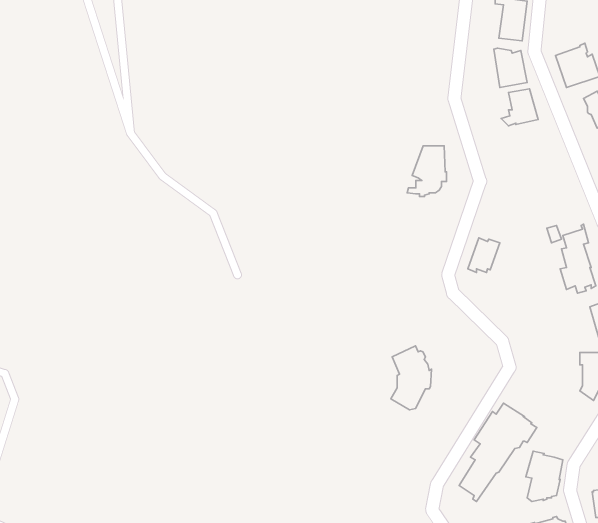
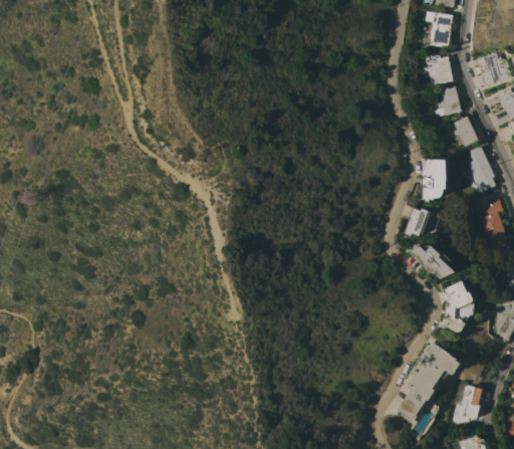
building: none -> [454,117,479,147]
building: [407,146,447,196] -> [416,160,448,201]
building: none -> [468,146,496,193]
building: none -> [410,245,455,279]
building: [391,346,432,410] -> [442,280,475,332]

